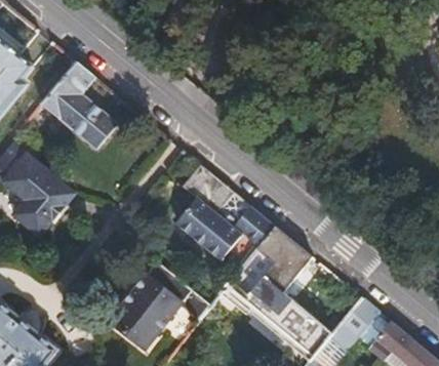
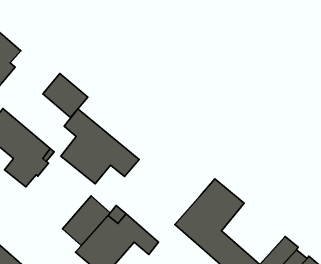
building: [40,62,95,120] -> none
building: [177,163,276,257] -> [61,109,139,184]
building: none -> [62,196,110,246]

